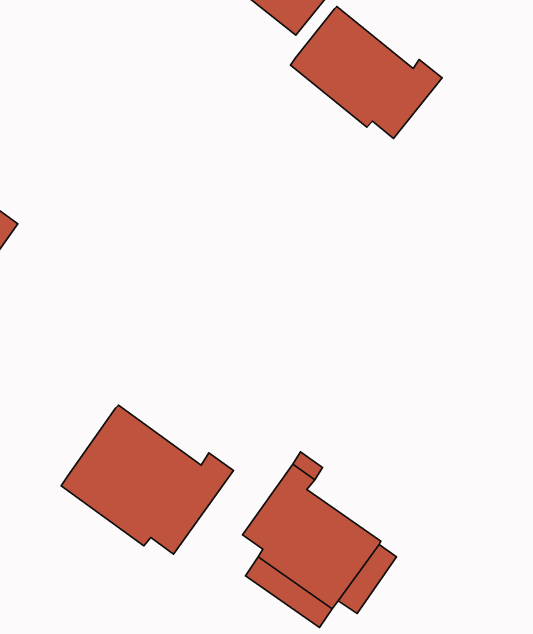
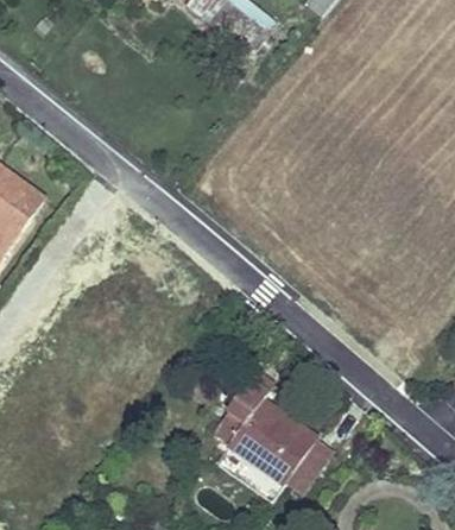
building: [290,7,442,138] -> none
building: [61,405,234,554] -> none

